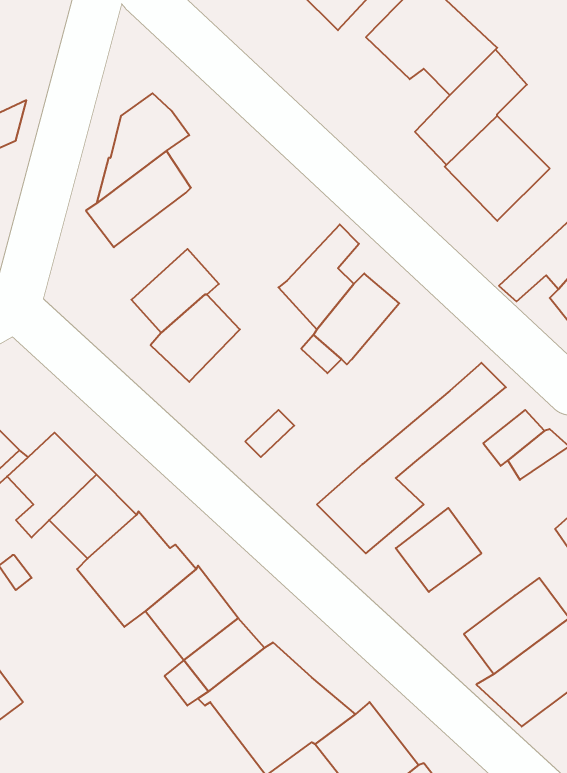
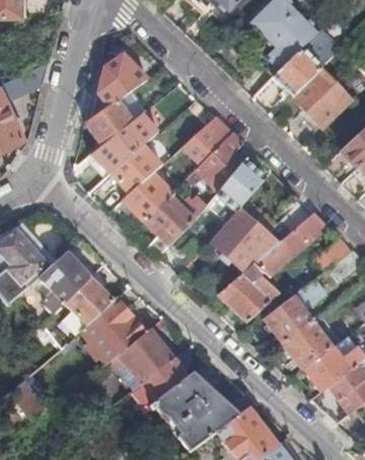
building: none -> [90,113,153,175]
building: none -> [182,117,231,164]
building: none -> [144,190,206,257]
building: none -> [210,210,295,271]
building: none -> [283,322,333,370]

